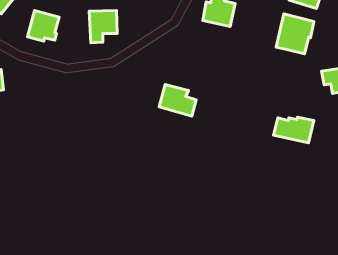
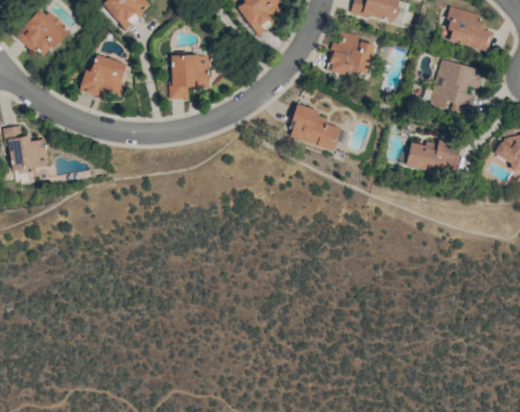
building: [159,84,196,116] -> [289,105,340,150]
building: [274,117,314,143] -> [405,140,461,176]

